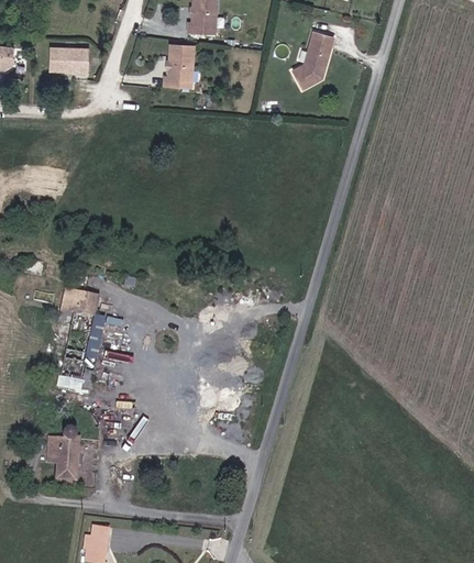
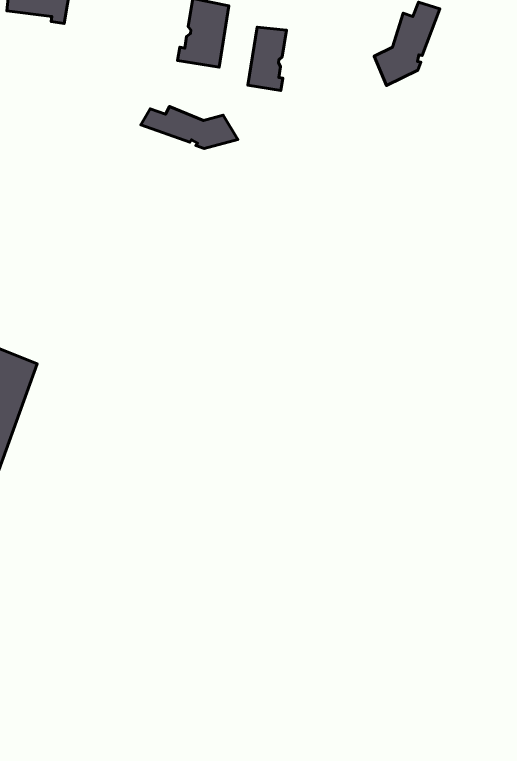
building: none -> [248,27,286,91]
building: none -> [141,107,238,148]

